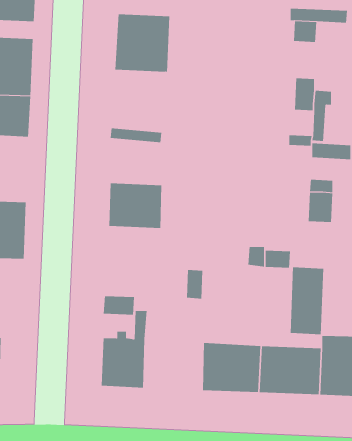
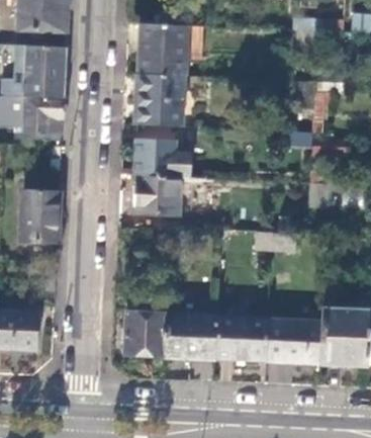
building: none -> [135,75,182,126]
building: none -> [132,141,189,178]
building: [290,266,324,335] -> none
building: none -> [163,314,215,359]

